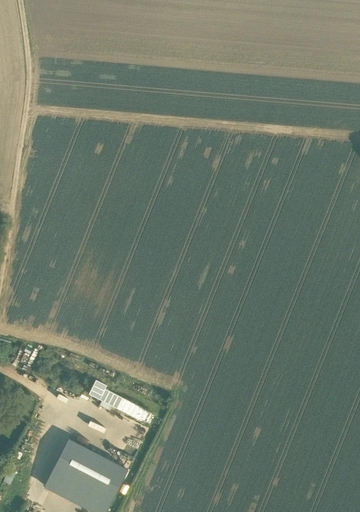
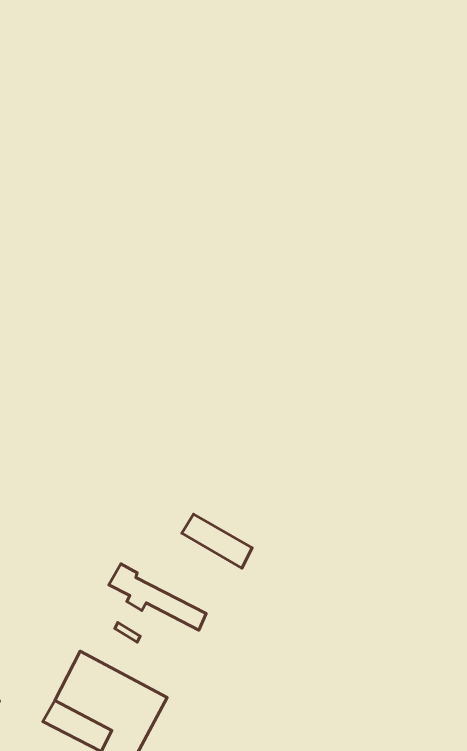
building: none -> [182,514,252,568]

